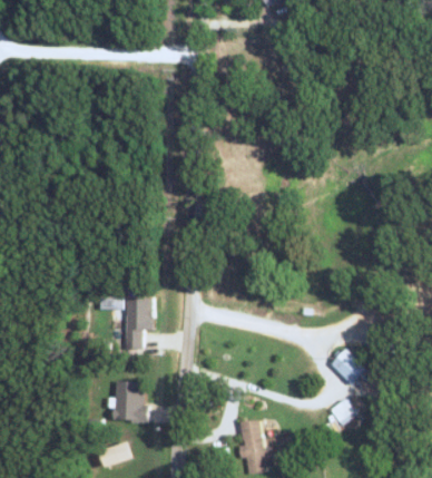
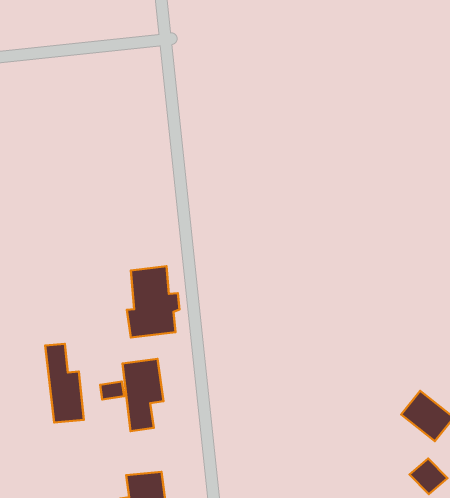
building: none -> [127,266,179,337]
building: none -> [45,344,84,423]

